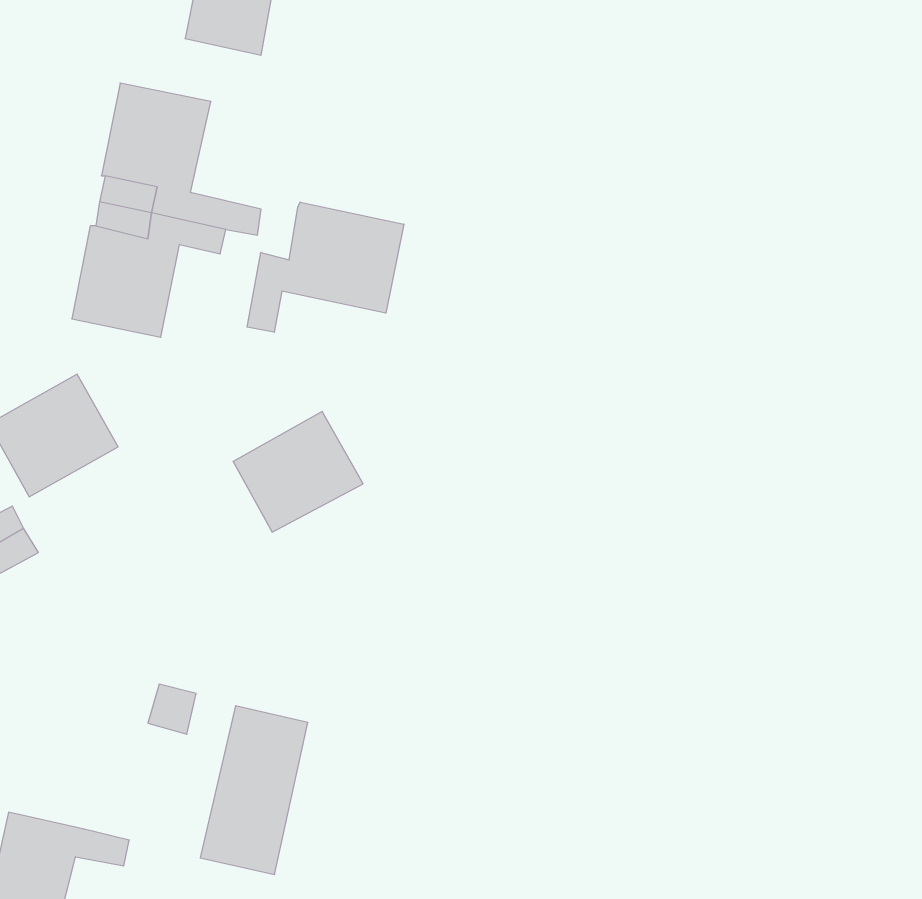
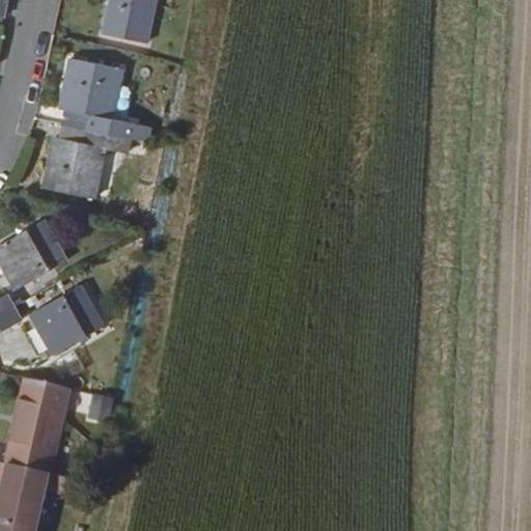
building: [247,202,404,332] -> none
building: [233,411,363,532] -> [32,285,105,353]
building: [200,706,308,875] -> [6,379,66,473]

